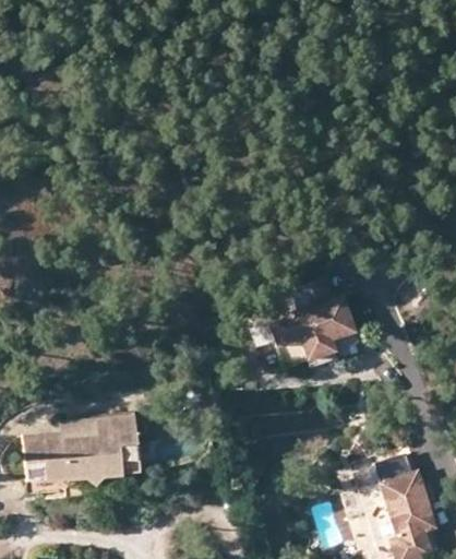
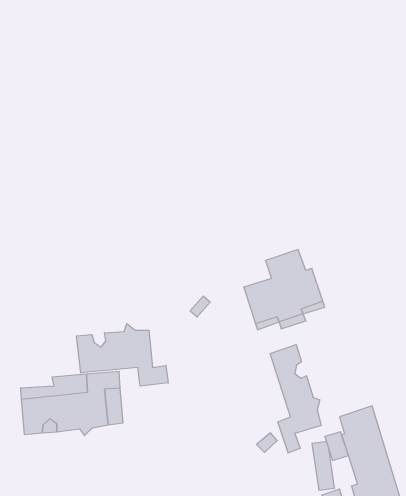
building: none -> [76,324,168,386]
building: none -> [270,345,321,453]

